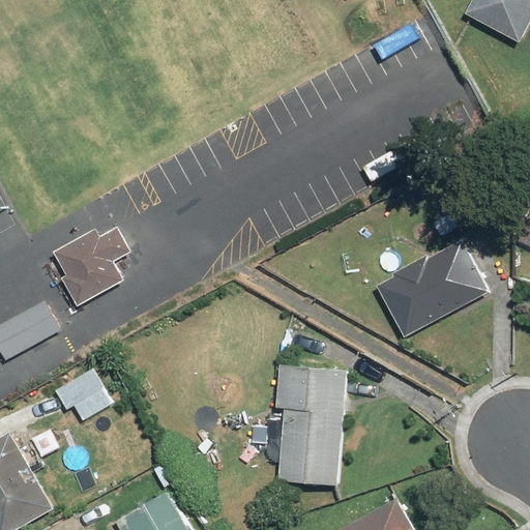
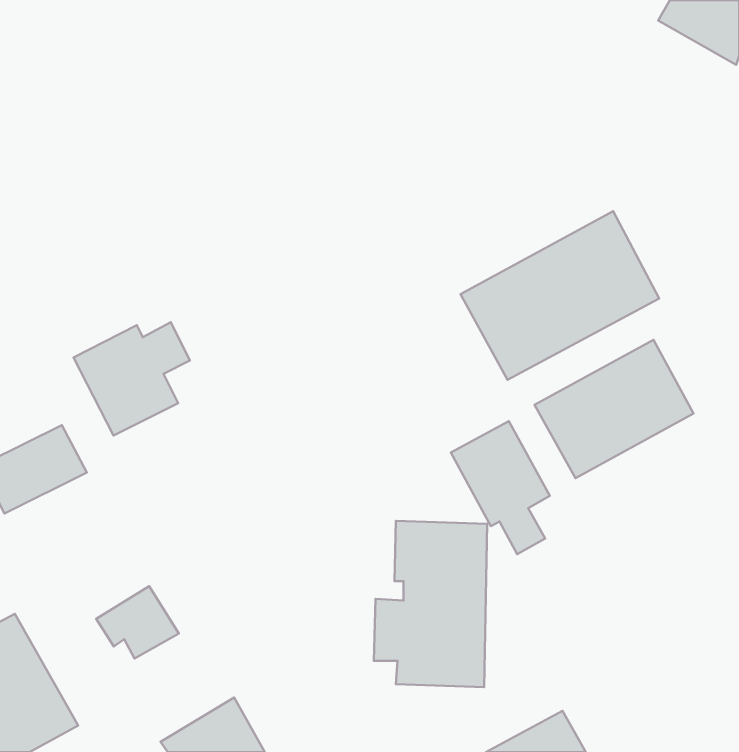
building: none -> [461,211,659,380]
building: none -> [451,421,550,554]
building: [53,369,111,419] -> [96,586,179,658]

